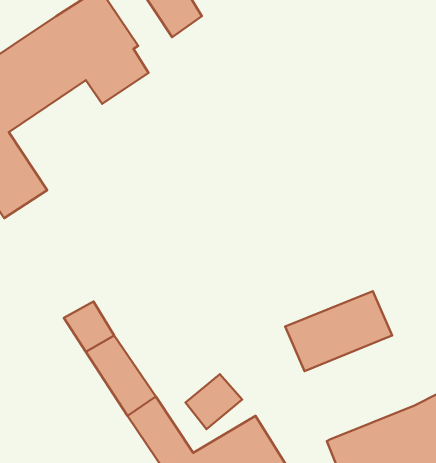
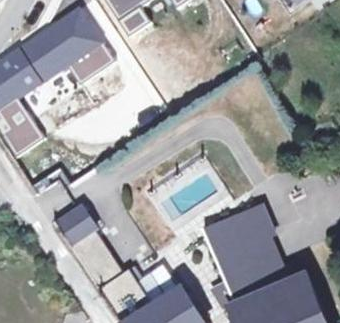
building: none -> [217,236,291,305]

